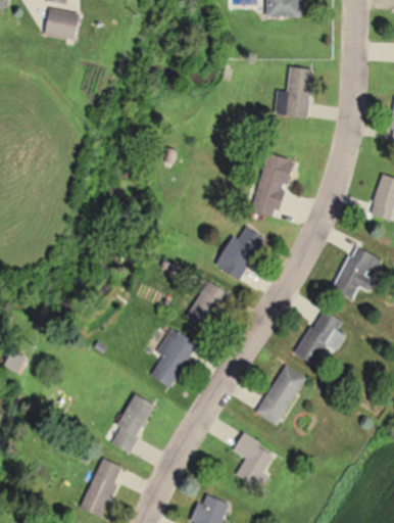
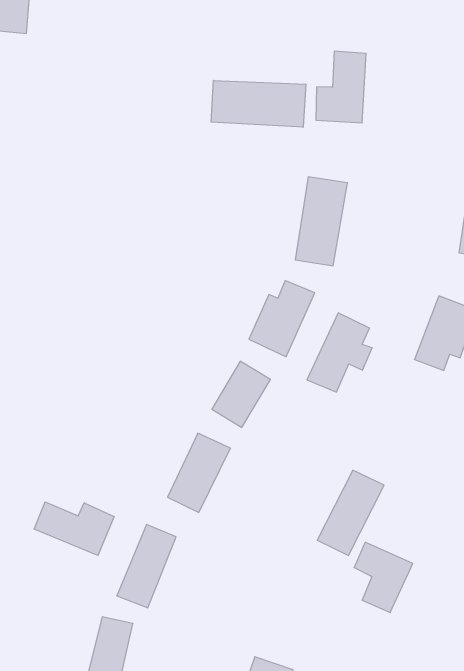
building: none -> [211,80,306,127]
building: [295,308,343,365] -> [307,313,372,392]
building: none -> [34,502,114,556]
building: [233,433,275,484] -> [354,542,413,613]

